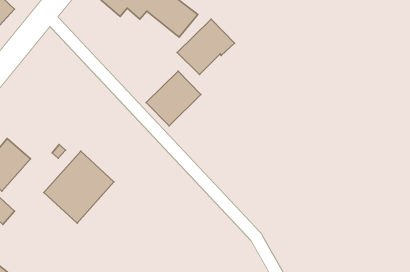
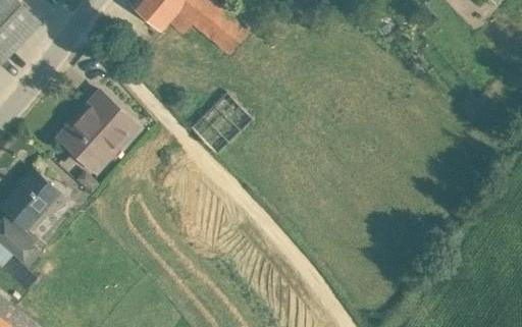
building: [177,19,235,75] -> none
building: [44,151,114,223] -> [58,92,138,173]

